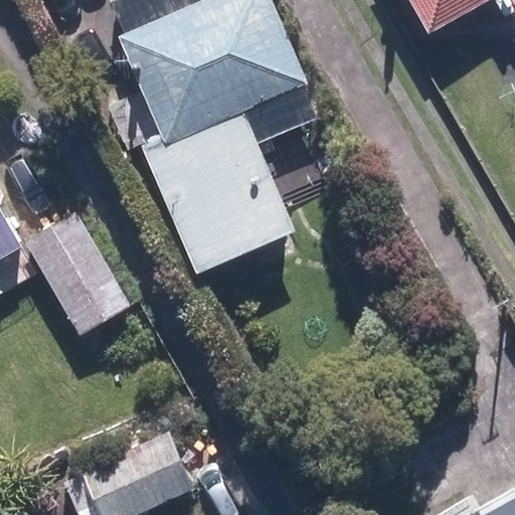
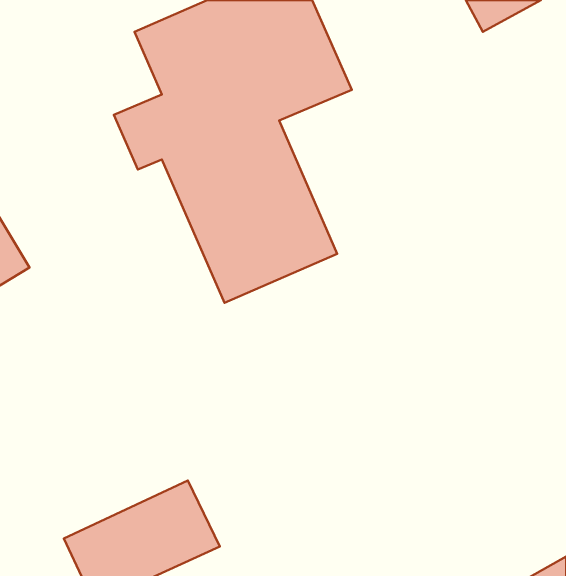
building: [23,220,126,341] -> none

